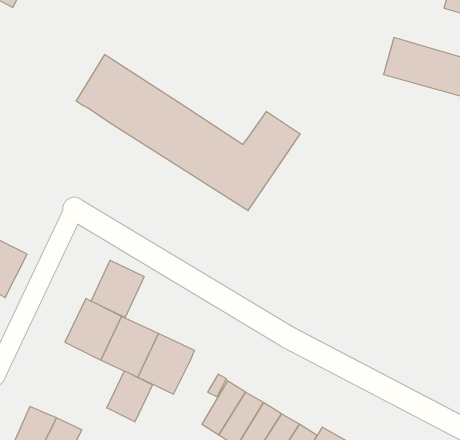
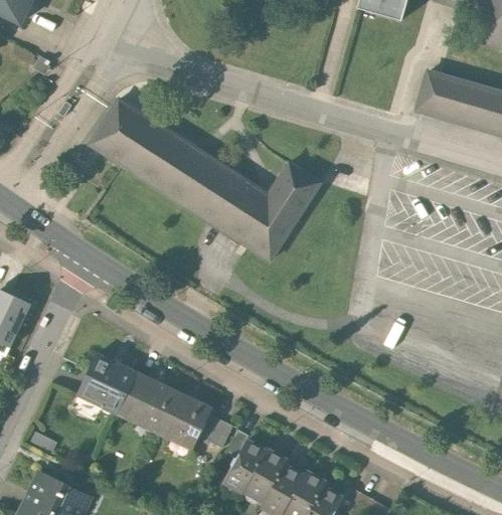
building: [91,260,144,318] -> none
building: none -> [199,417,232,449]
building: [107,371,153,422] -> none

